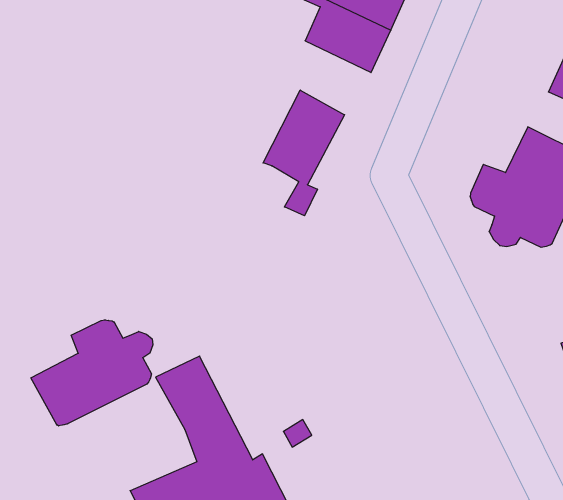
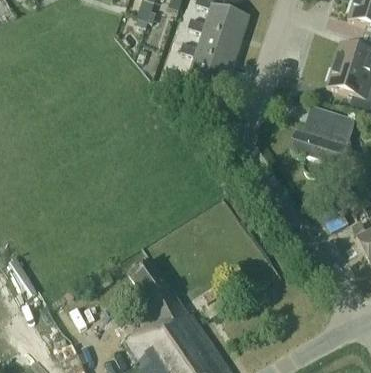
building: [263,90,345,216] -> none
building: [31,320,153,426] -> none

